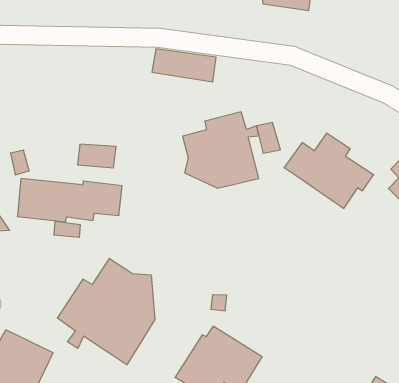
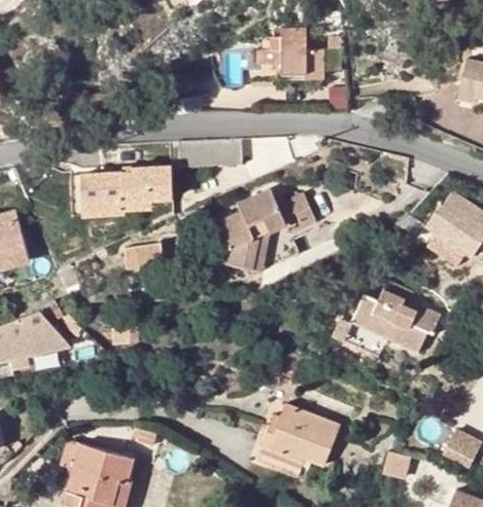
building: [284,133,374,208] -> [351,283,441,354]
building: [17,179,122,222] -> [71,167,174,215]
building: [57,258,155,365] -> none

